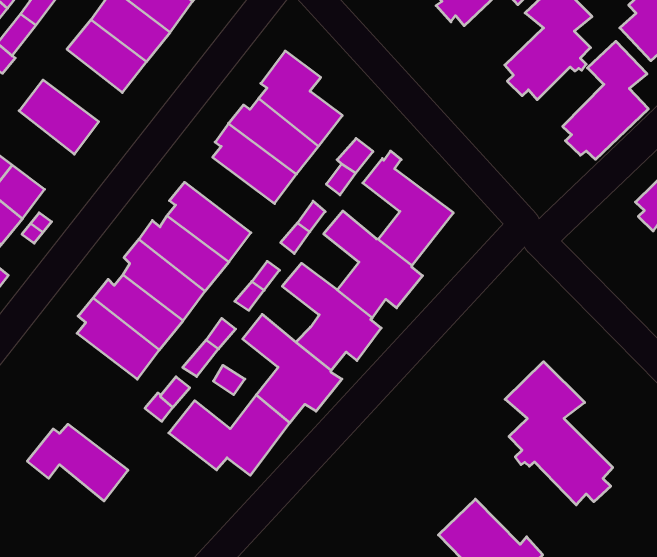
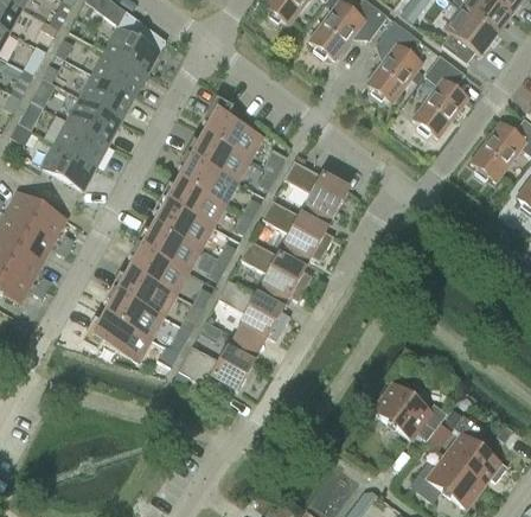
building: none -> [45,115,109,166]
building: none -> [161,178,225,225]
building: [505,362,613,505] -> none
building: [27,424,128,501] -> [81,313,151,362]

